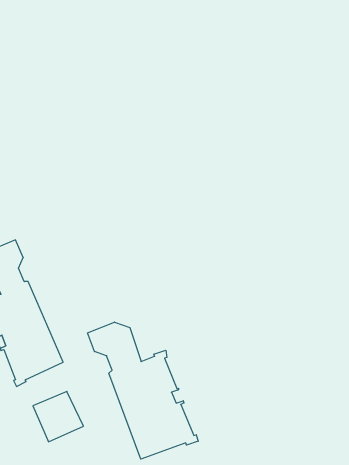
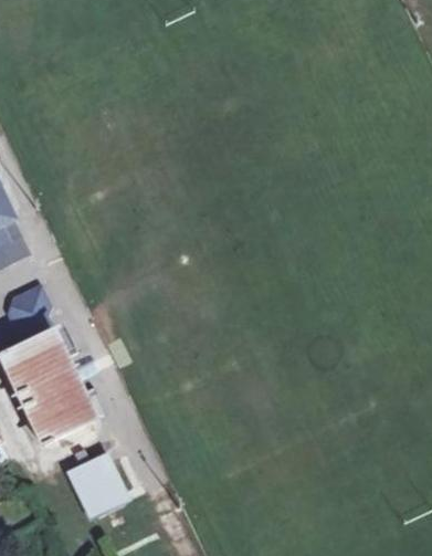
building: [88,322,198,459] -> none

